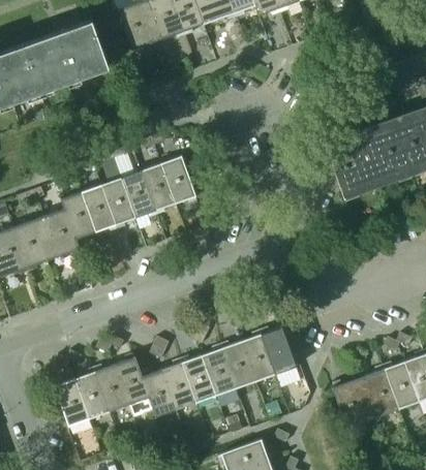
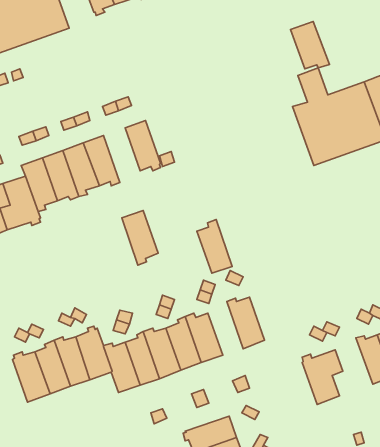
building: none -> [290,21,329,69]
building: [141,162,176,215] -> [122,210,158,265]
building: [241,330,275,381] -> [197,220,232,273]
building: [361,365,400,420] -> none

